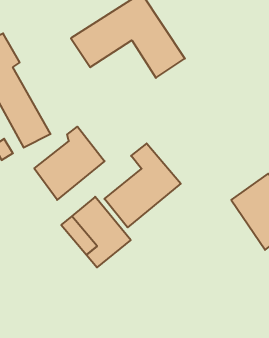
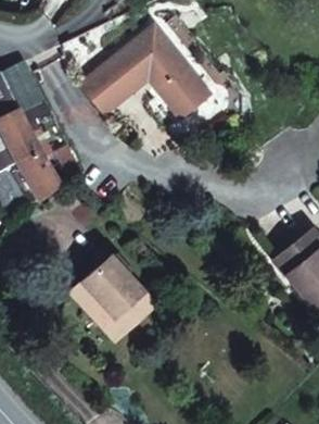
building: [34,127,105,200] -> none
building: [104,143,181,227] -> none

